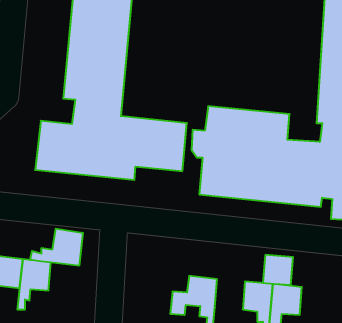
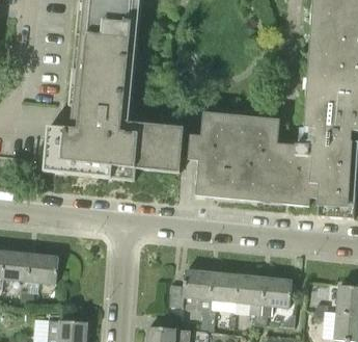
building: [30,229,83,266] -> none
building: [263,255,293,285] -> [210,272,238,300]

